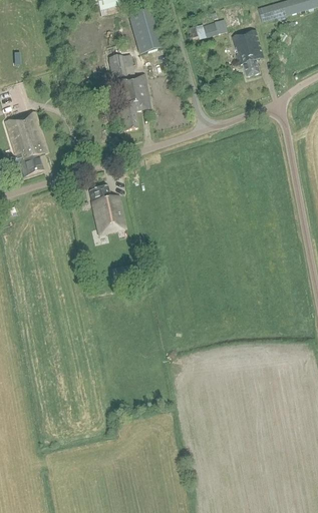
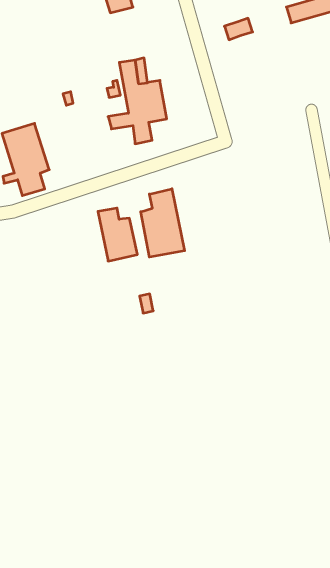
building: [127,7,164,52] -> none
building: [231,28,263,76] -> none
building: none -> [141,189,185,257]

